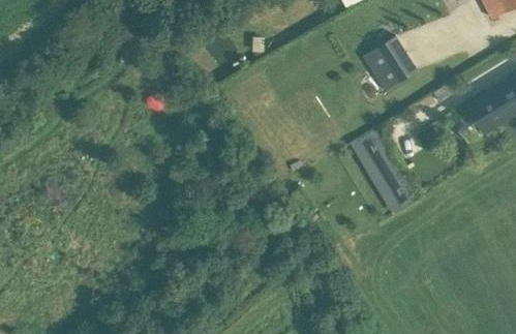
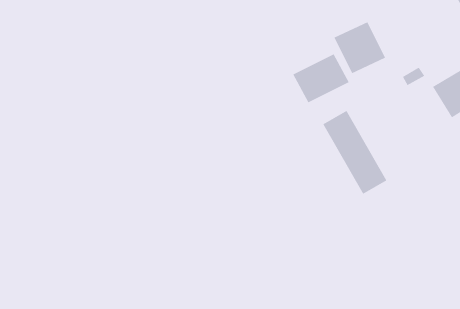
building: none -> [293,53,350,103]

